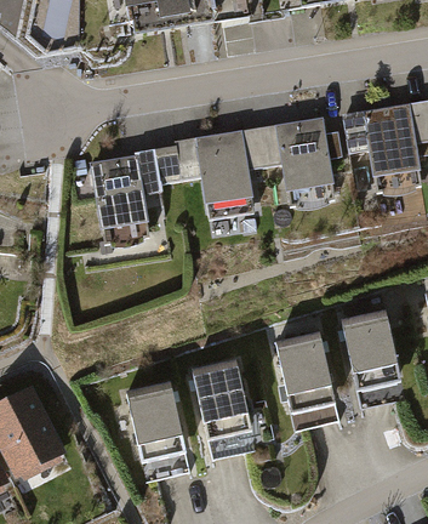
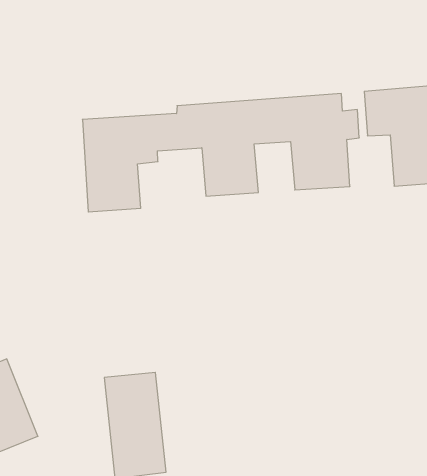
building: [347,309,406,406] -> none
building: [276,332,338,428] -> none
building: [195,360,256,458] -> none

